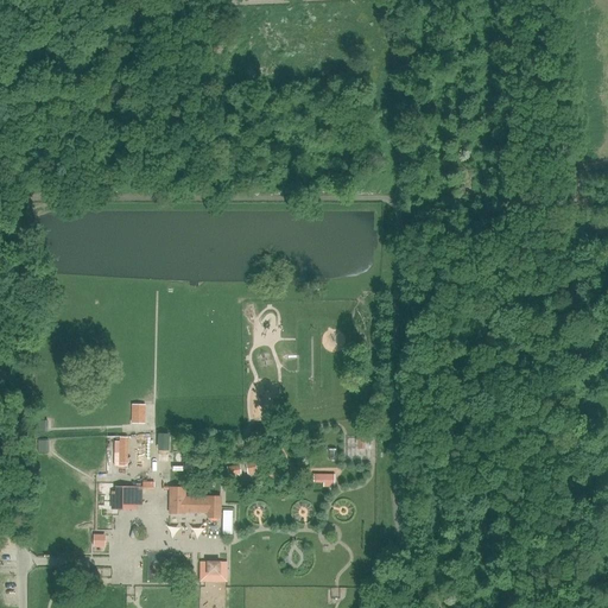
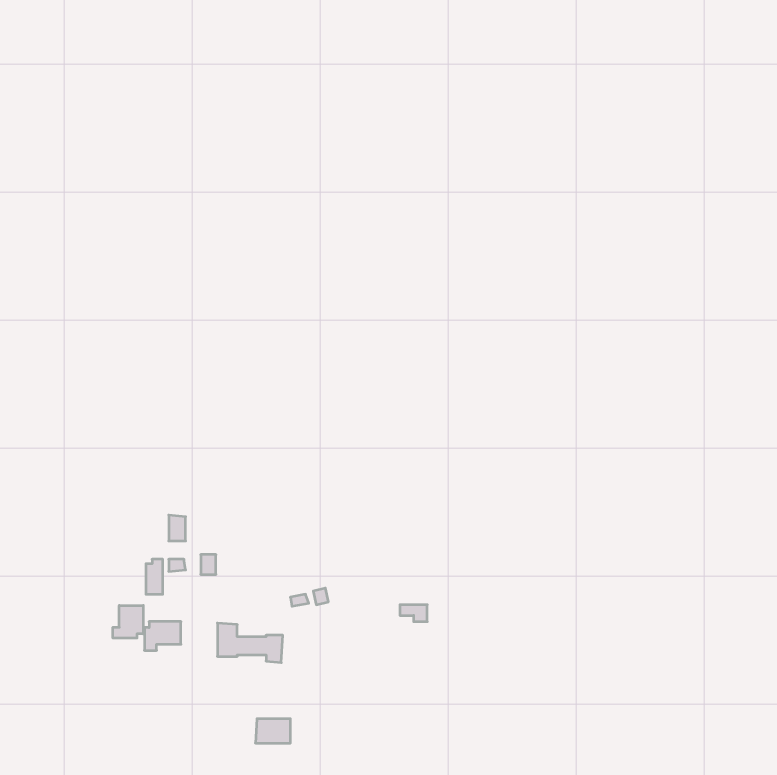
building: none -> [113,605,143,638]

